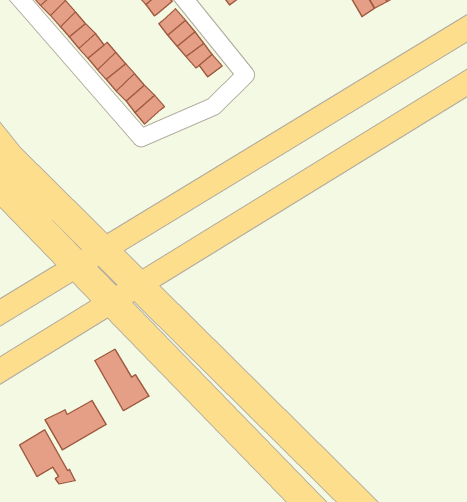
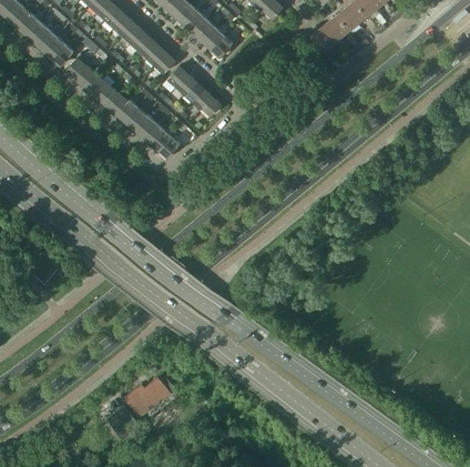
building: [95,349,149,411] -> none

